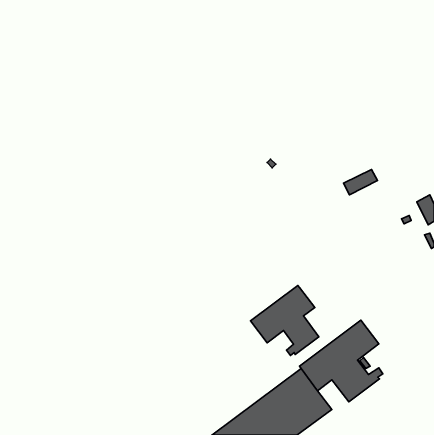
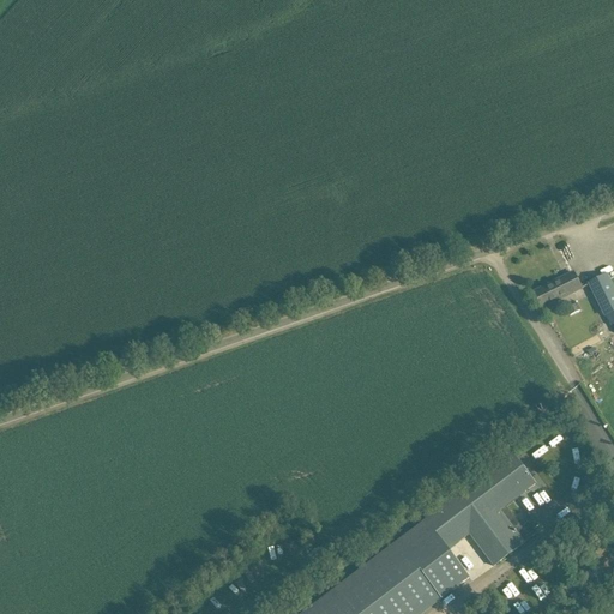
building: [343,169,377,195] -> [532,273,580,309]
building: [251,285,319,356] -> none

